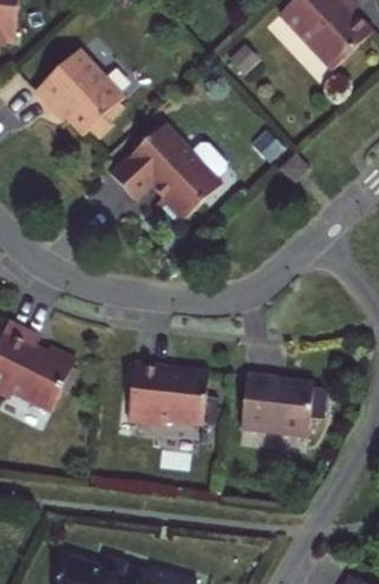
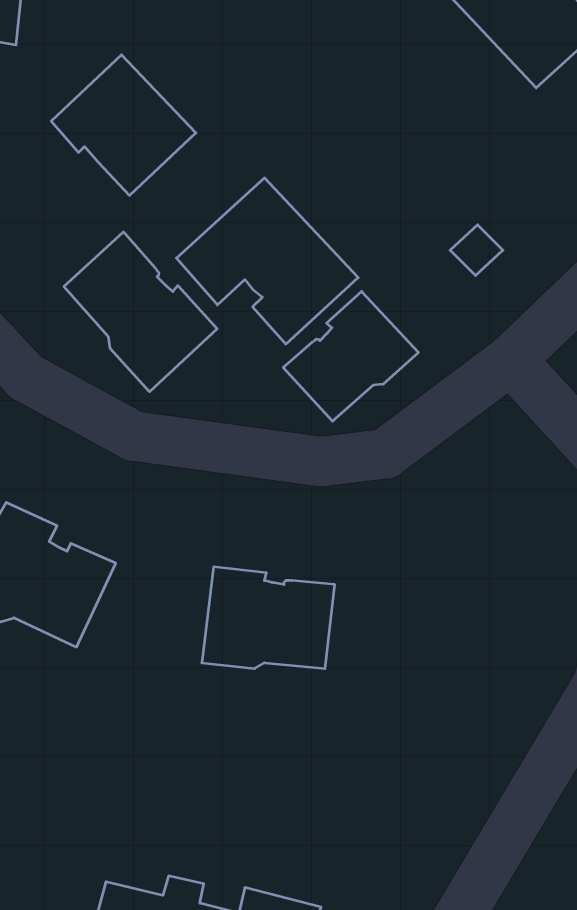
building: none -> [64,232,217,392]
building: none -> [283,291,418,421]
building: [240,371,311,432] -> none

